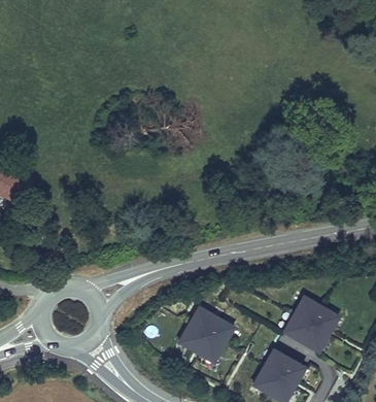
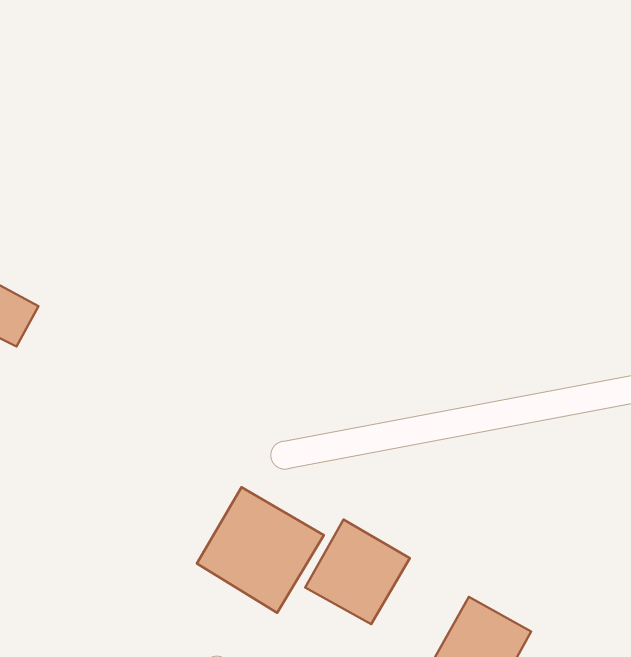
building: none -> [197,487,324,613]
building: [281,296,340,355] -> none

